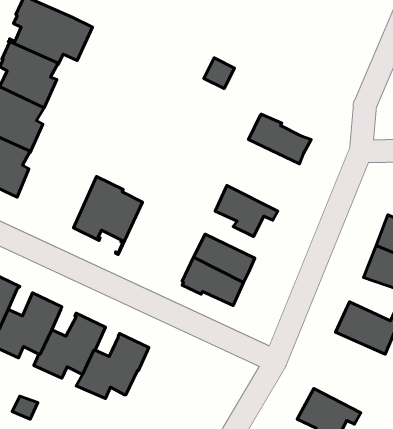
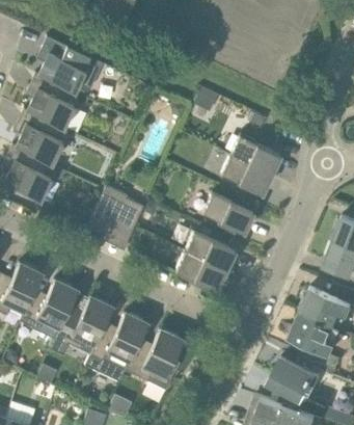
building: none -> [220,155,270,194]
building: none -> [288,312,339,370]
building: none -> [124,329,183,382]

